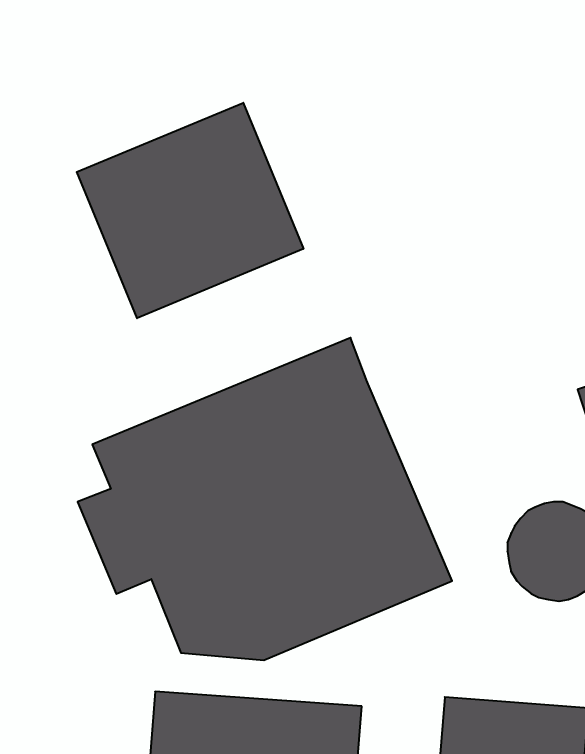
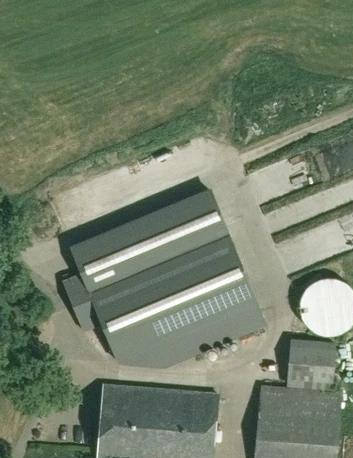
building: [77,103,303,318] -> none
building: none -> [288,340,333,388]

